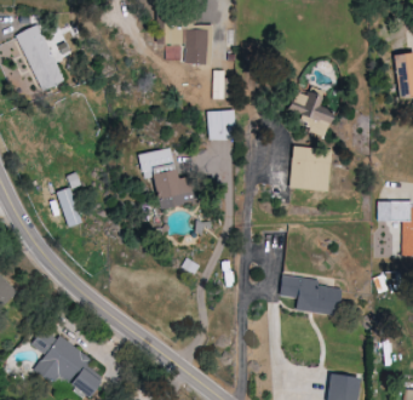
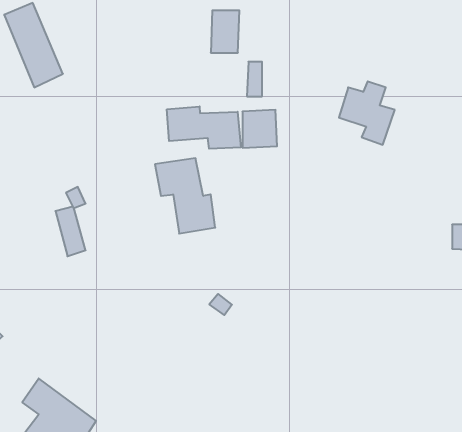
building: none -> [167,106,241,149]
building: [288,144,333,192] -> none
building: [279,274,342,314] -> none

